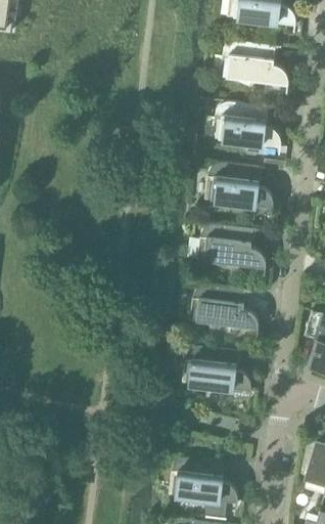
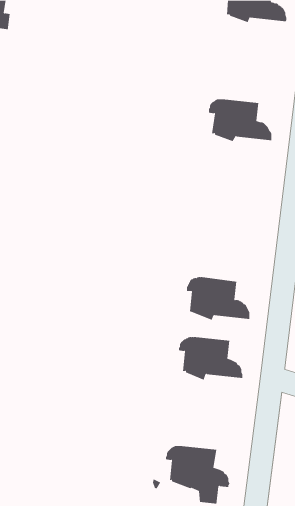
building: [223,44,288,89] -> none
building: [207,166,274,211] -> none
building: [200,227,266,271] -> none

